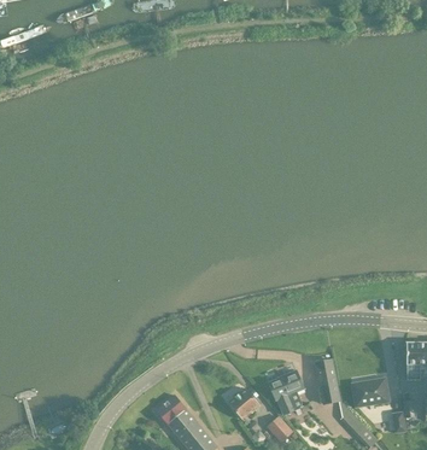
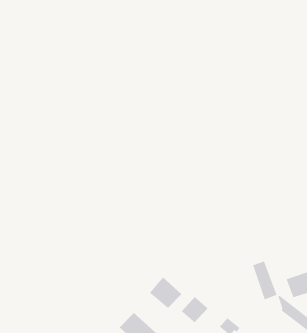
building: none -> [149,277,182,309]
building: [268,372,302,415] -> none

